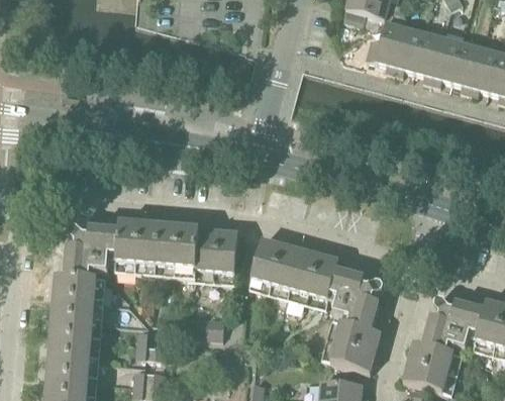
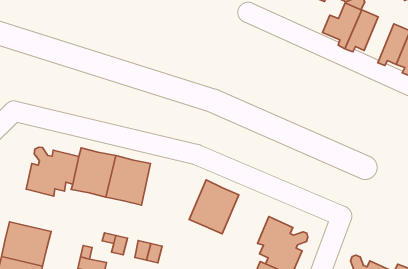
building: [414,30,442,81] -> none
building: [195,228,238,279] -> none
building: [288,248,339,304] -> none
building: [53,276,103,319] -> none

